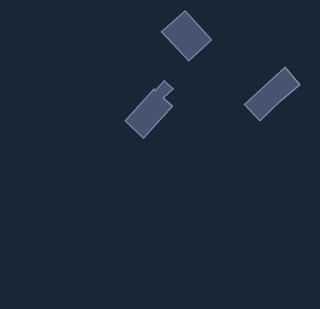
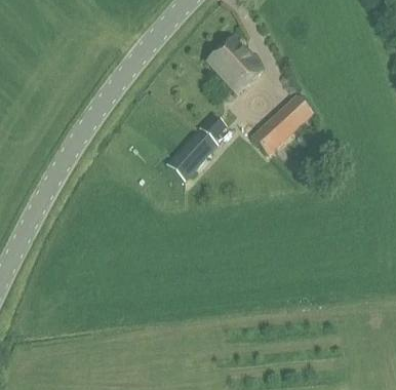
building: [244,67,300,121] -> [252,92,315,153]

